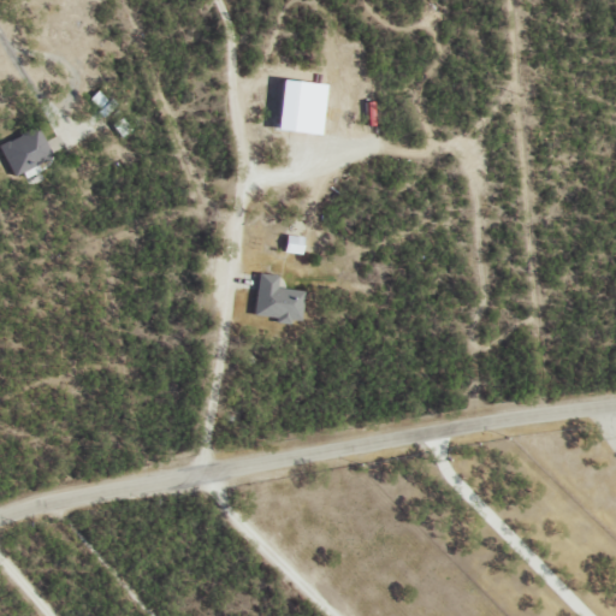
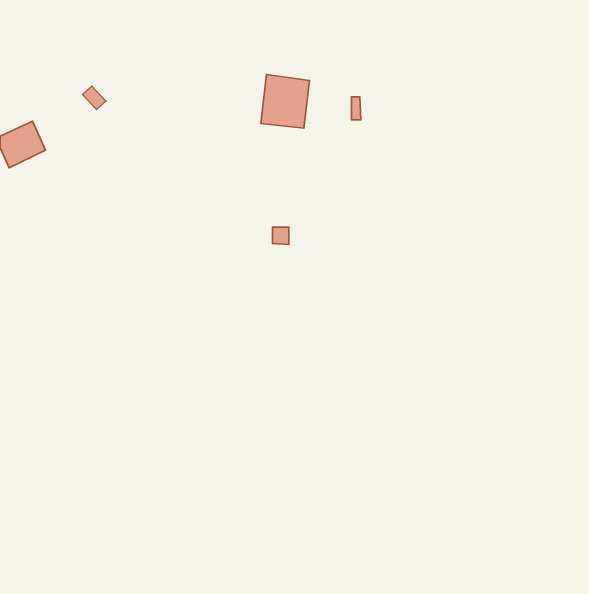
building: [255,273,307,322] -> none

